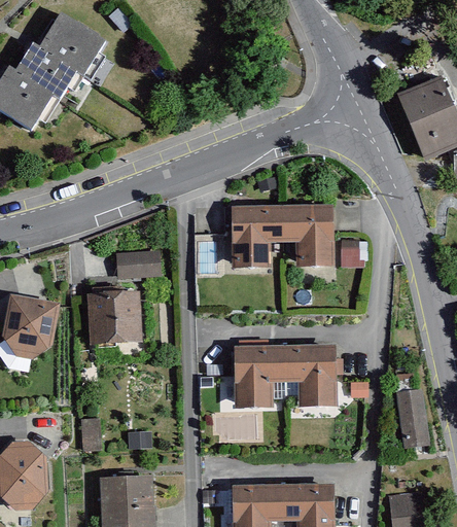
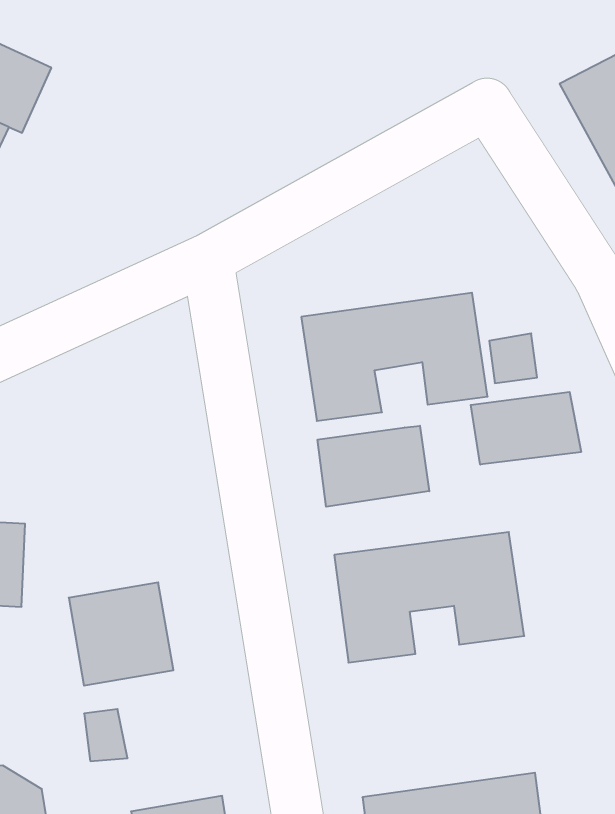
building: [113,246,160,274] -> none
building: none -> [471,392,581,465]
building: none -> [318,426,429,507]
building: [85,289,140,343] -> [69,582,173,686]

